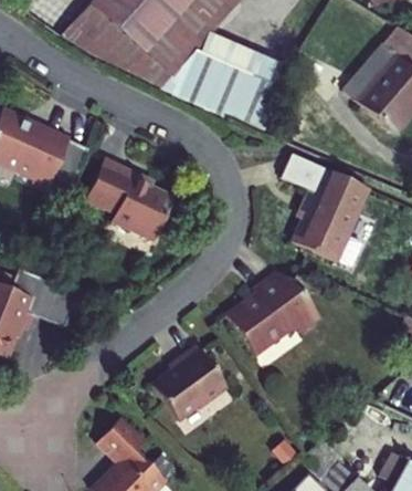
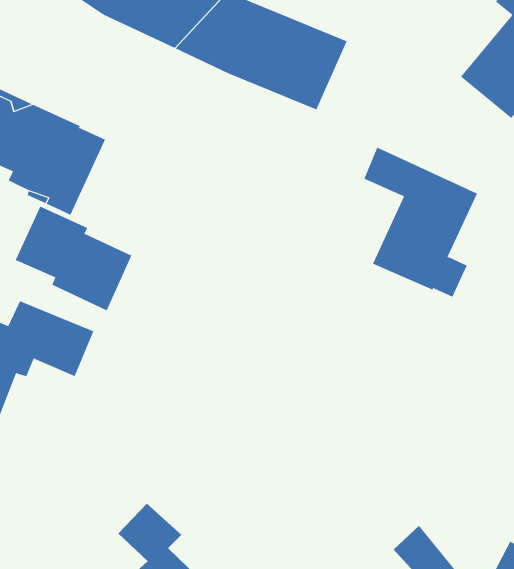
building: [85,157,173,237] -> [15,206,132,311]
building: [229,275,324,358] -> none
building: [151,346,228,421] -> none

